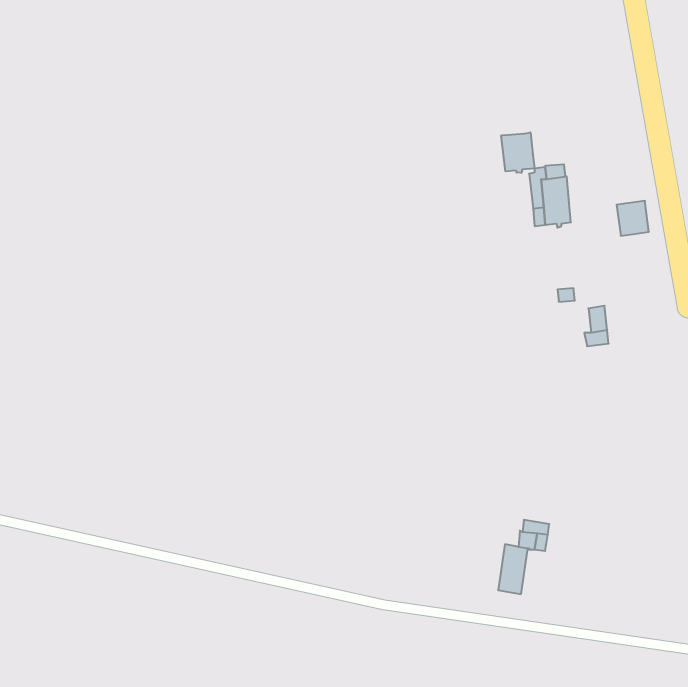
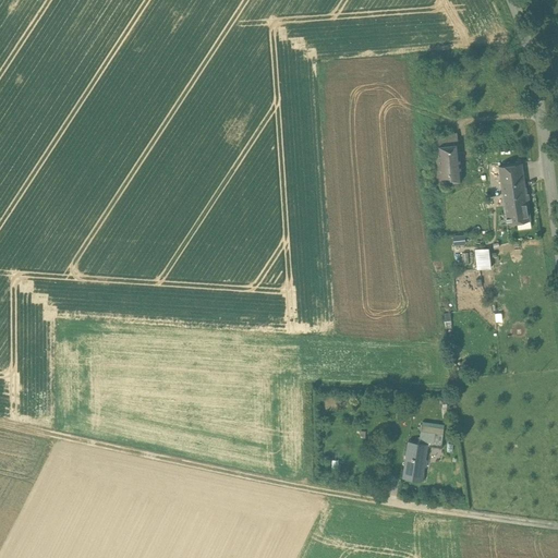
building: [501,132,535,173] -> none
building: none -> [502,189,530,223]

